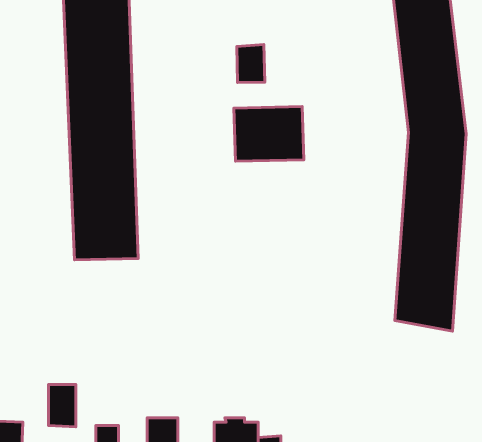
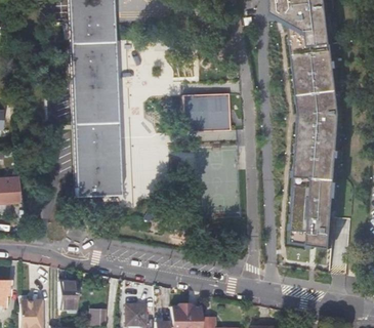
building: [237,45,265,83] -> none

